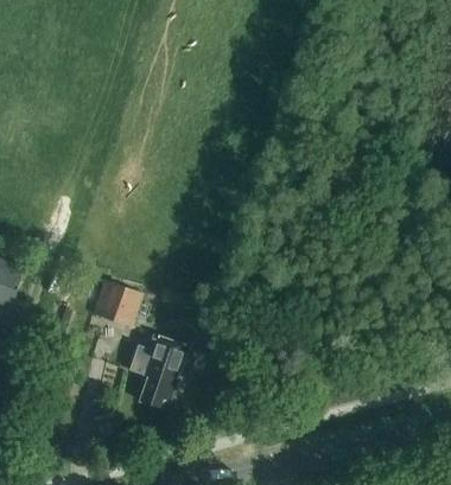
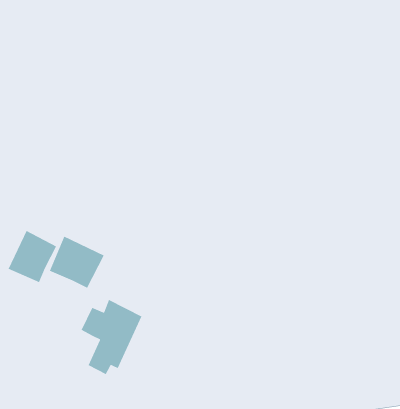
building: none -> [7,230,57,283]

